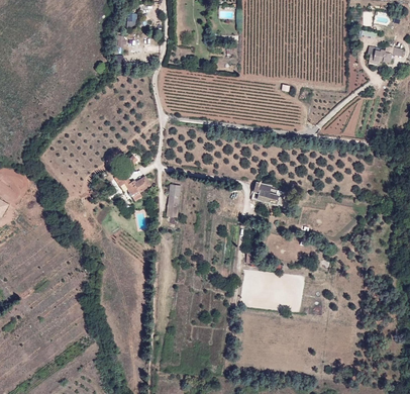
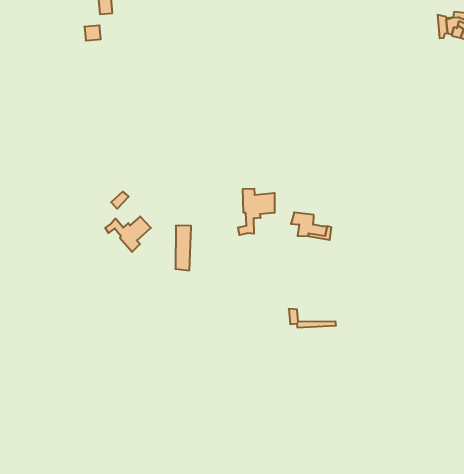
building: none -> [238,189,274,235]

